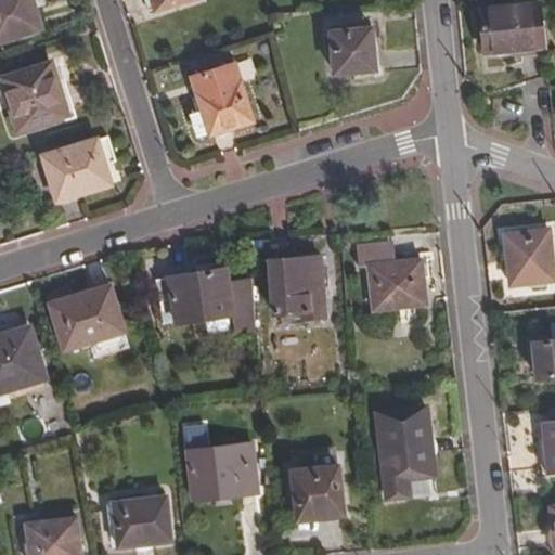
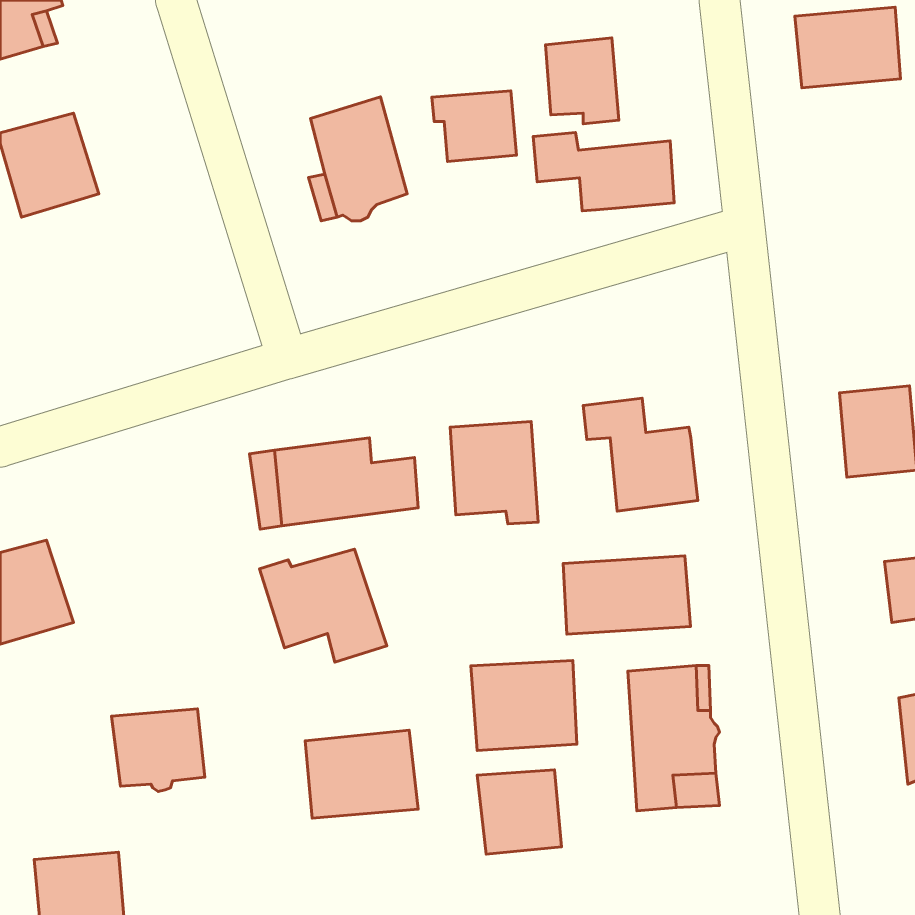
building: none -> [432,91,517,161]
building: none -> [533,132,674,211]
building: [37,141,105,203] -> none
building: [48,289,125,358] -> [259,549,387,662]
building: none -> [563,556,691,634]
building: none -> [471,661,577,750]
building: [111,496,167,546] -> [111,709,205,791]

